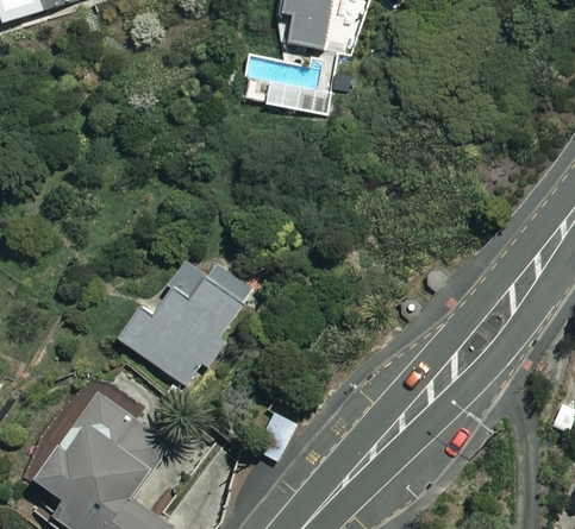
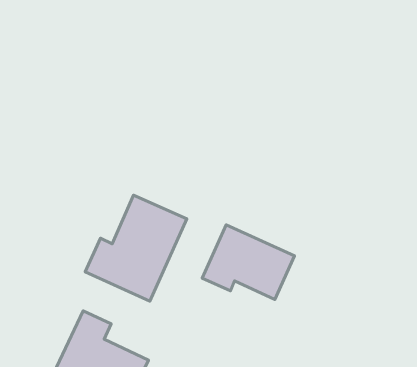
building: none -> [202,225,295,300]

